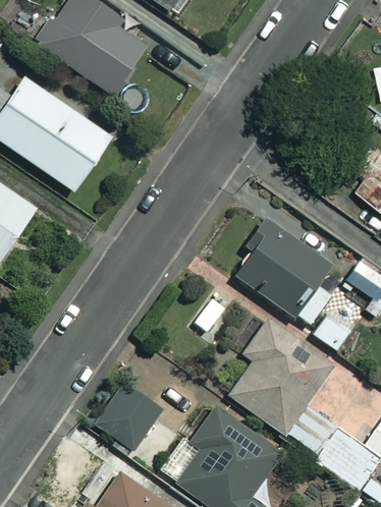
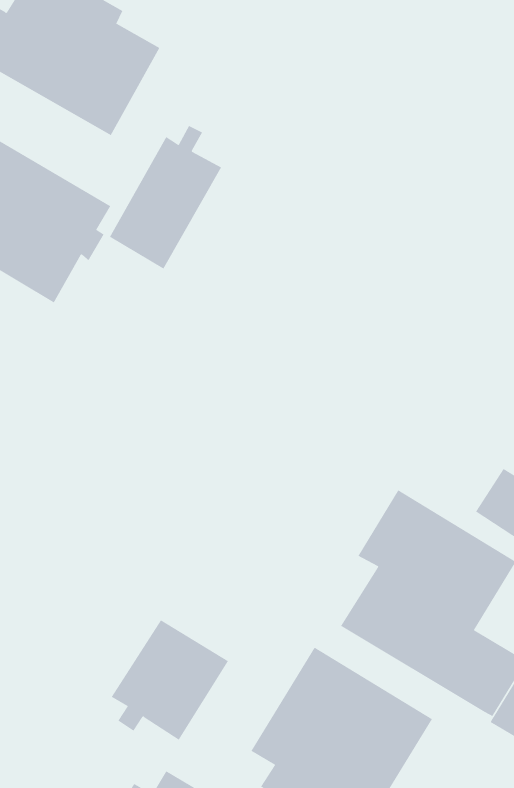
building: none -> [109,125,222,269]
building: [235,226,329,326] -> none

